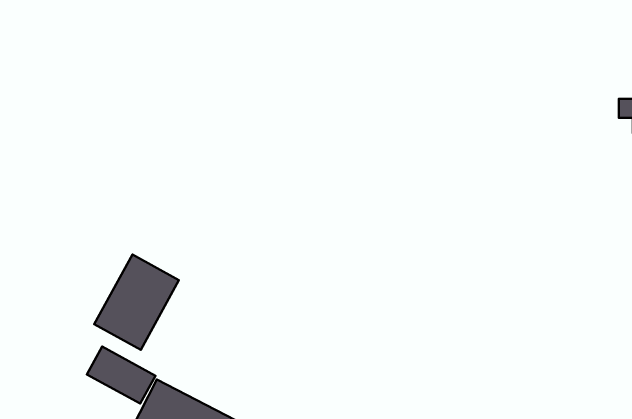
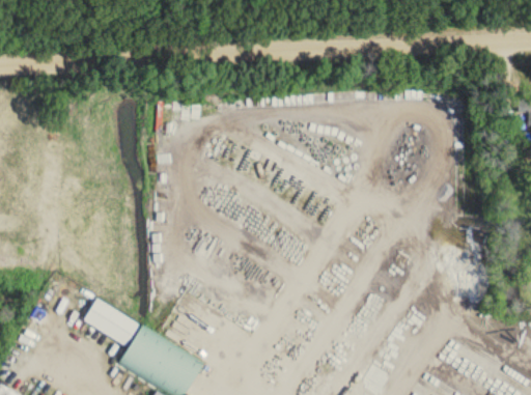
building: [94,254,179,350] -> none

